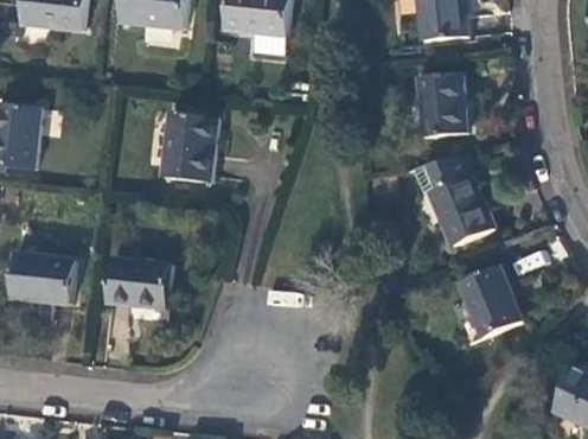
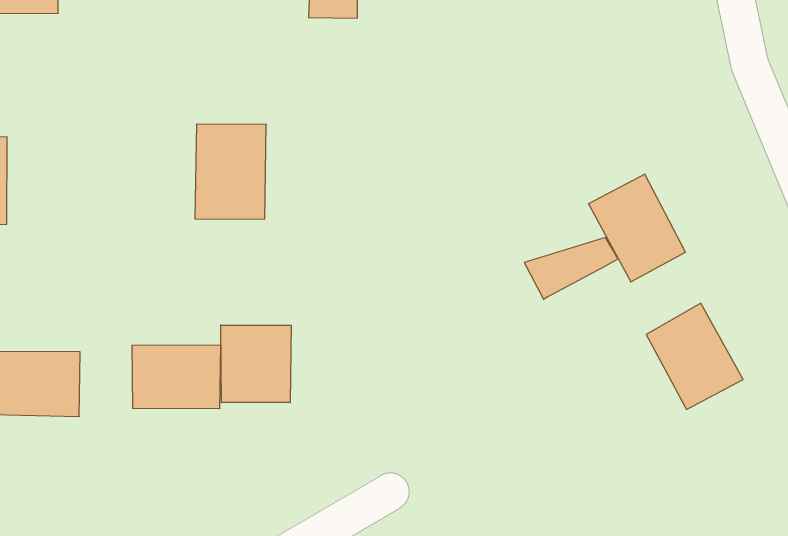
building: [418,74,467,139] -> none
building: [416,155,480,193] -> [524,237,618,299]
building: none -> [221,325,291,403]

